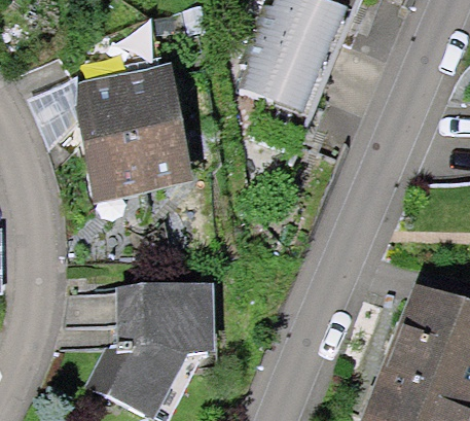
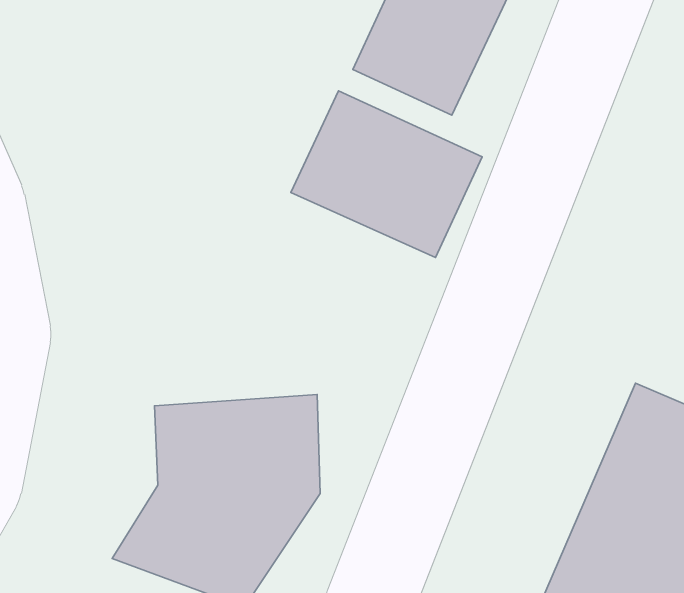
building: [79,65,208,200] -> none
building: none -> [291,91,482,257]

